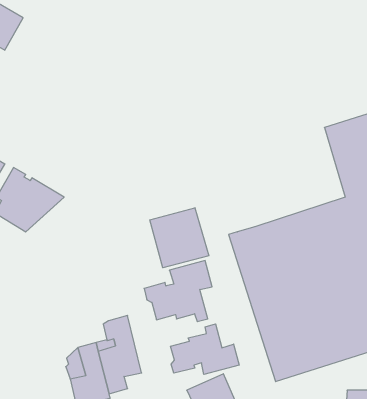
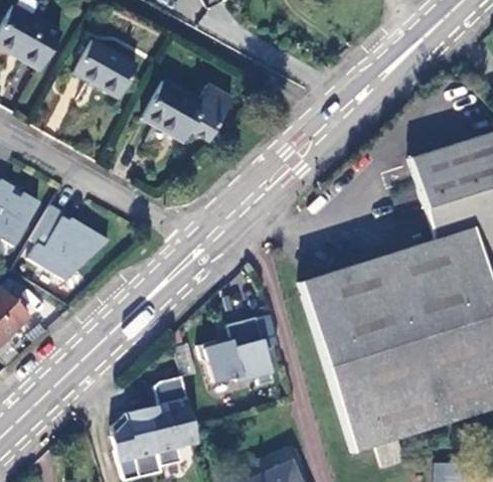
building: none -> [72,38,137,97]
building: none -> [142,79,231,141]
building: [150,208,209,268] -> none
building: [171,324,239,374] -> none

